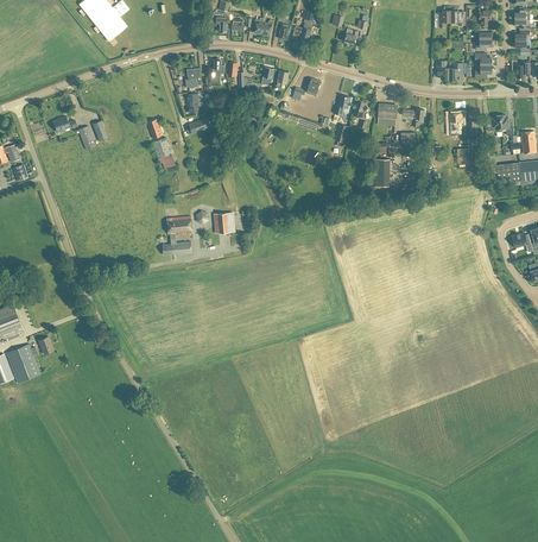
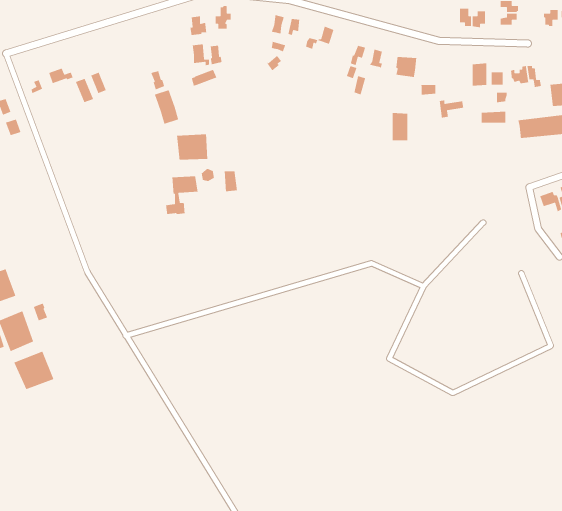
building: none -> [176,134,208,161]
building: none -> [13,350,54,390]

